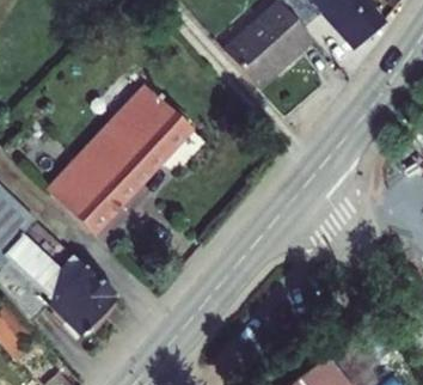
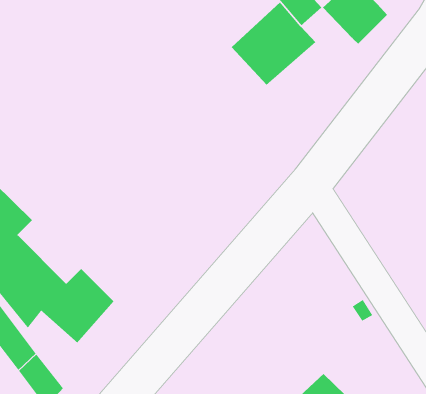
building: [50,85,190,233] -> none

